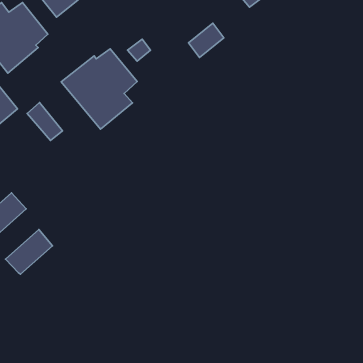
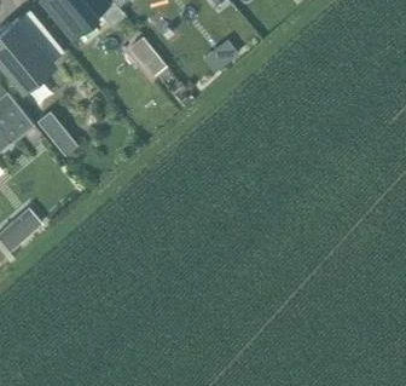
building: [61,49,137,129] -> none
building: [6,230,53,274] -> none

